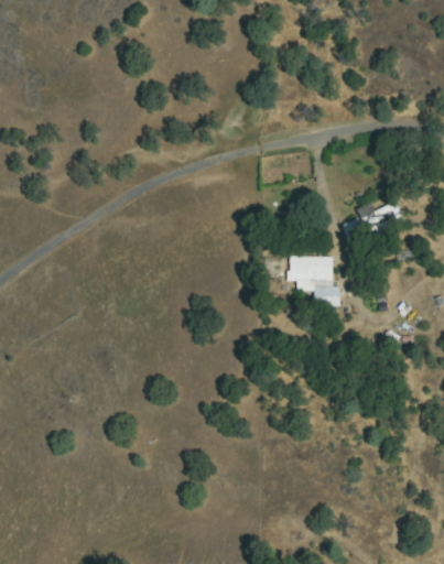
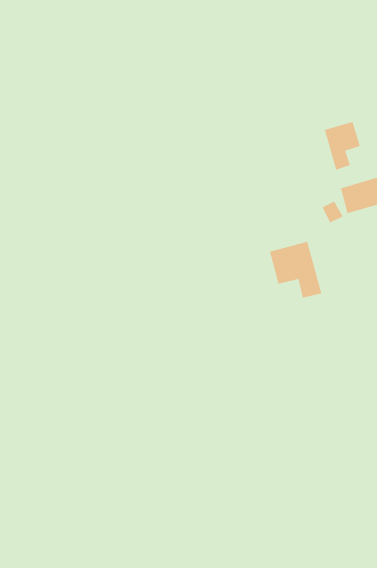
building: none -> [324,121,360,170]

